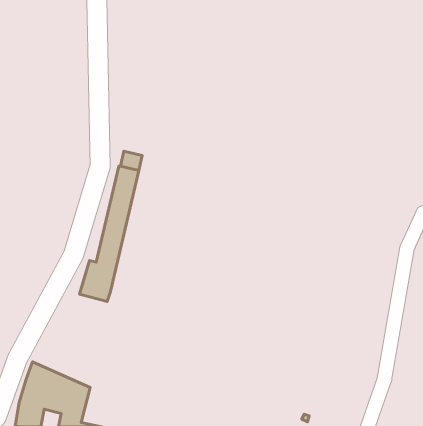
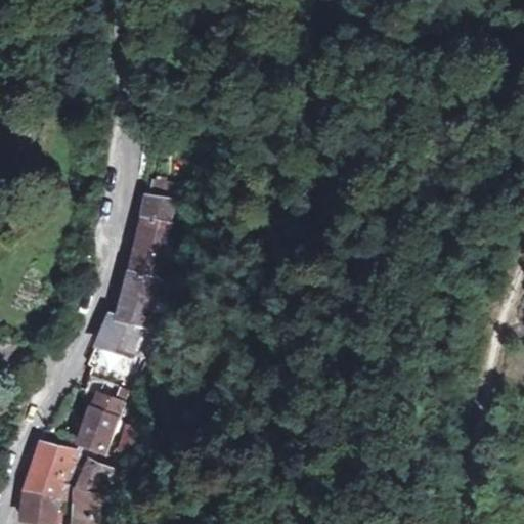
building: none -> [74,379,123,454]

